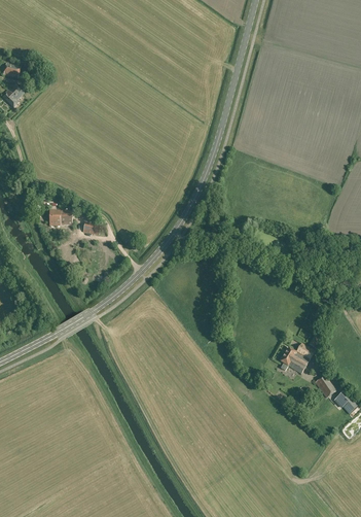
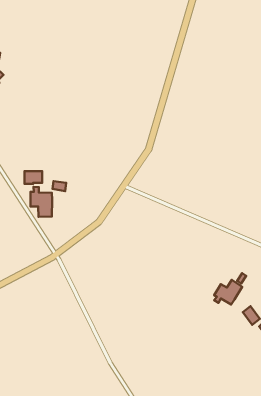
building: none -> [30,187,52,217]

